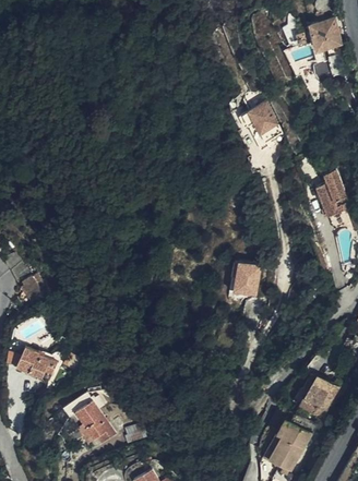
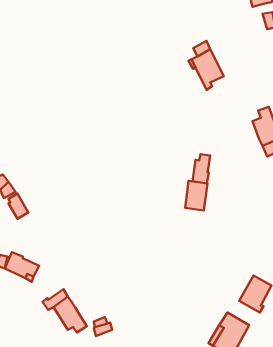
building: none -> [193,154,210,183]

